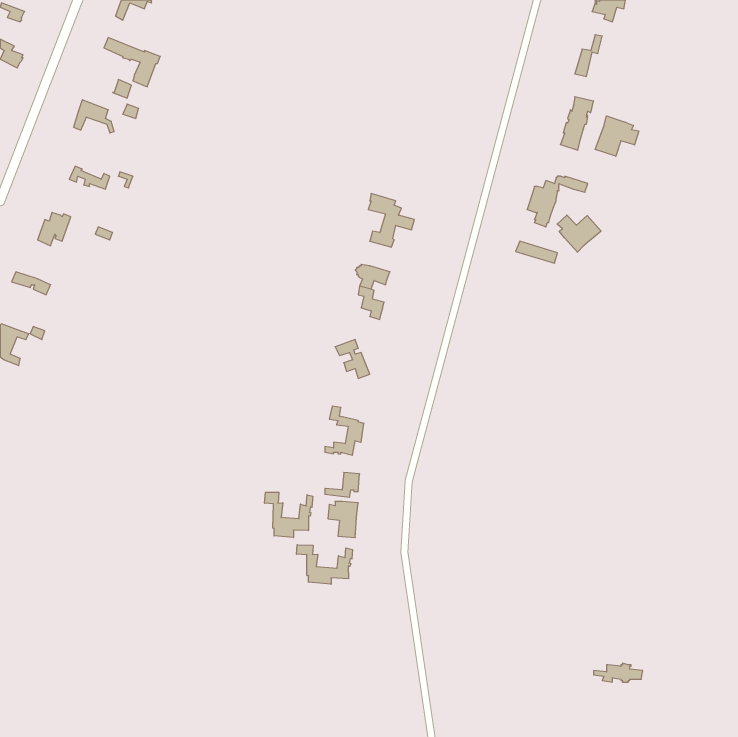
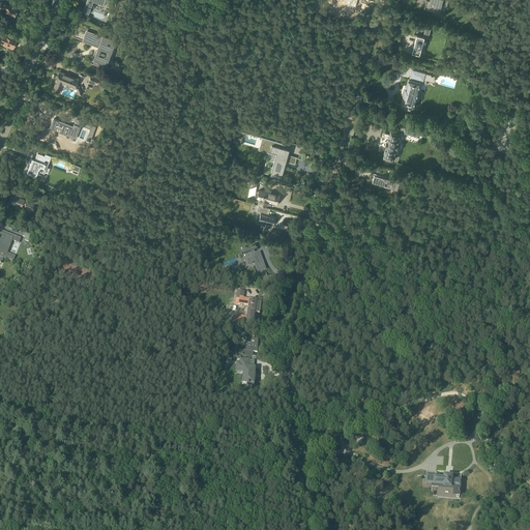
building: [595,116,639,156] -> none
building: [557,215,601,252] -> none
building: [265,492,313,538] -> none
building: [297,545,353,584] -> none

